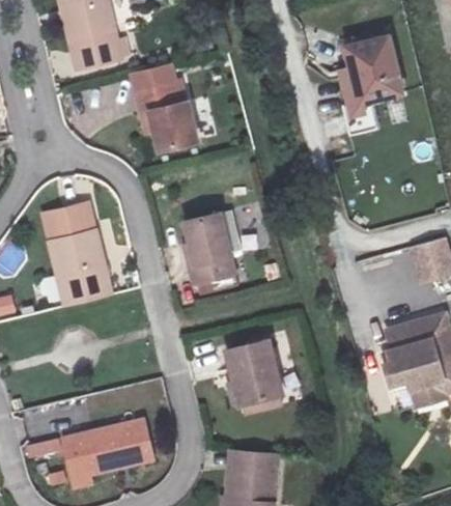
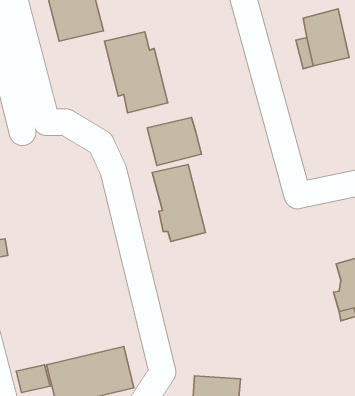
building: none -> [147,118,202,165]
building: [38,200,113,306] -> none
building: [221,338,283,416] -> none

